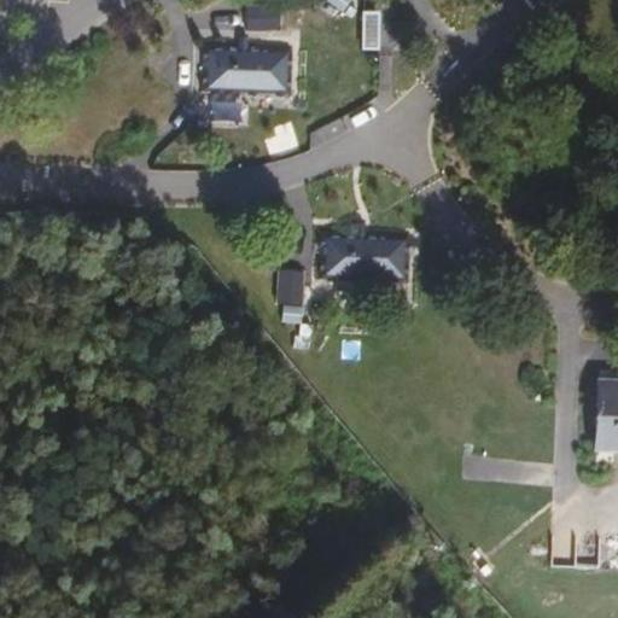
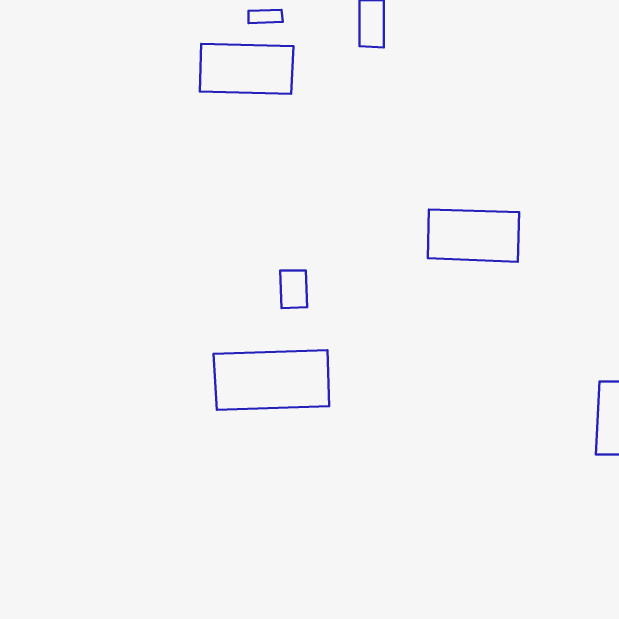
building: [321,234,412,286] -> [428,210,519,262]
building: none -> [213,350,329,410]

